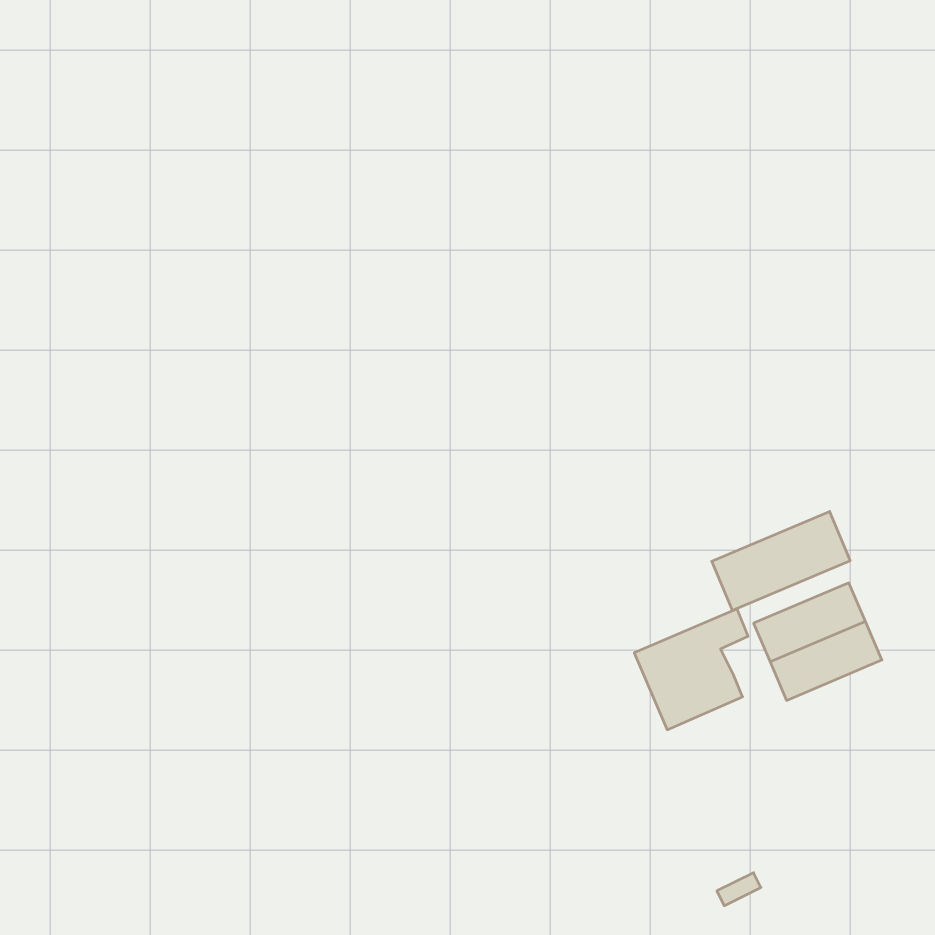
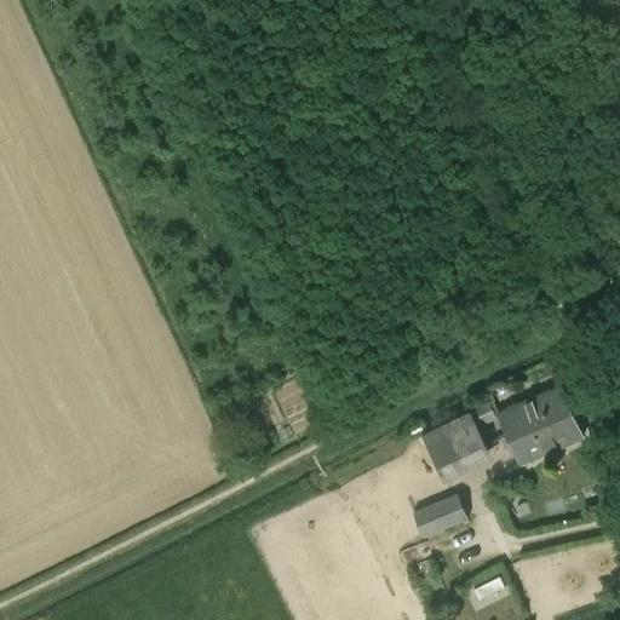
building: [712,511,850,611] -> none
building: none -> [412,495,467,539]

